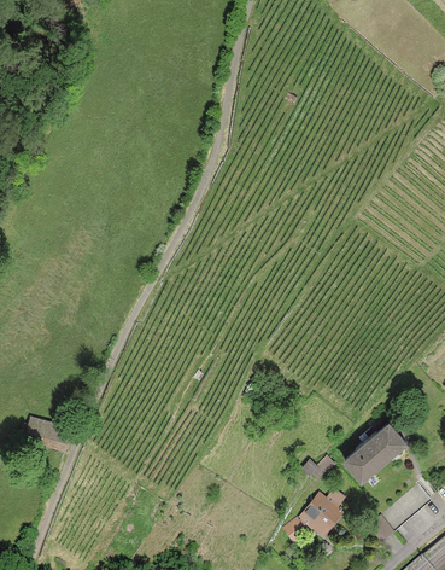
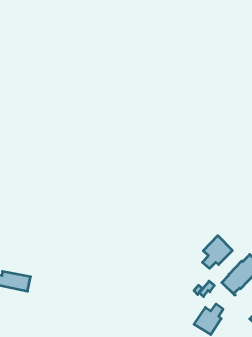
building: none -> [202,236,232,268]

